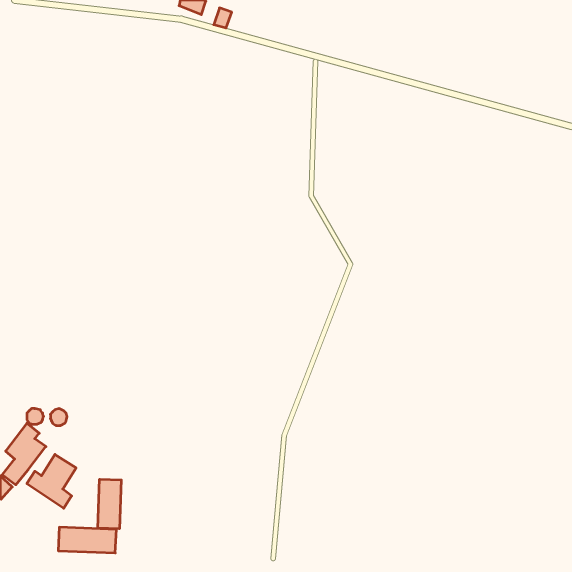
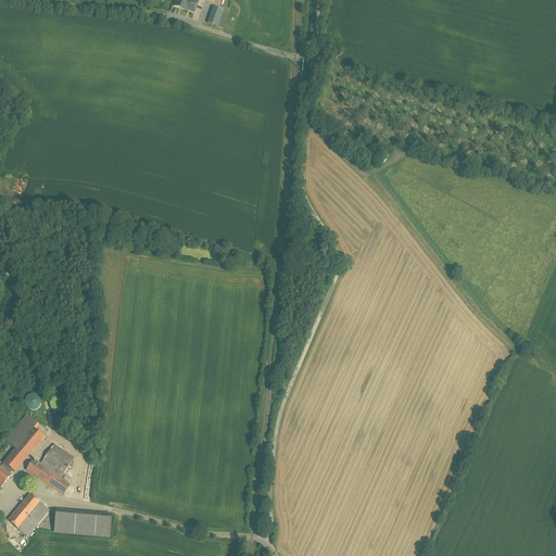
building: [98,479,121,529] -> none
building: none -> [8,493,52,539]

